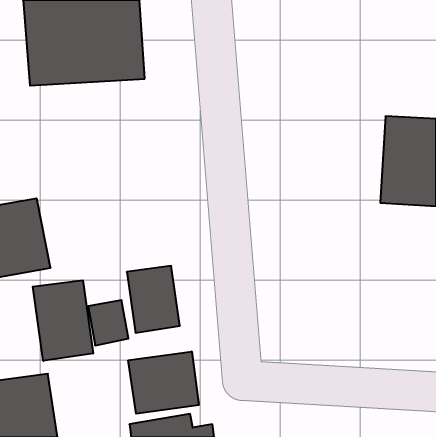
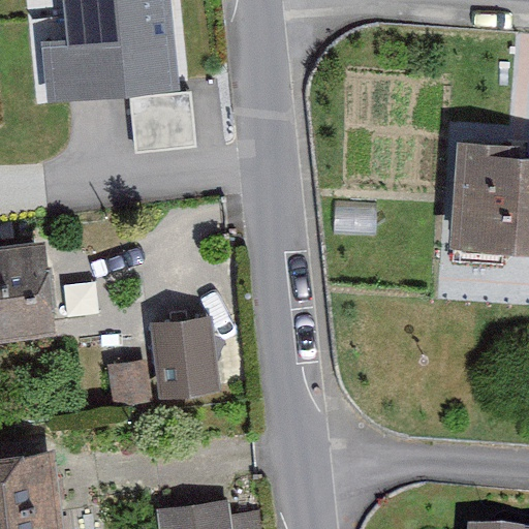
building: [33,280,93,361] -> none
building: [128,351,199,414] -> none

